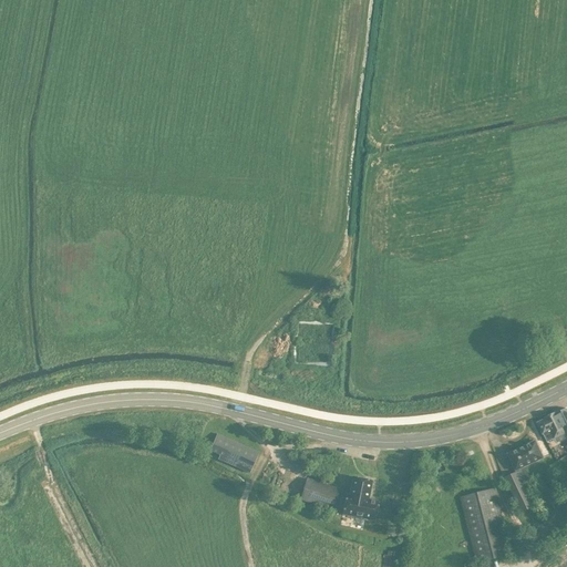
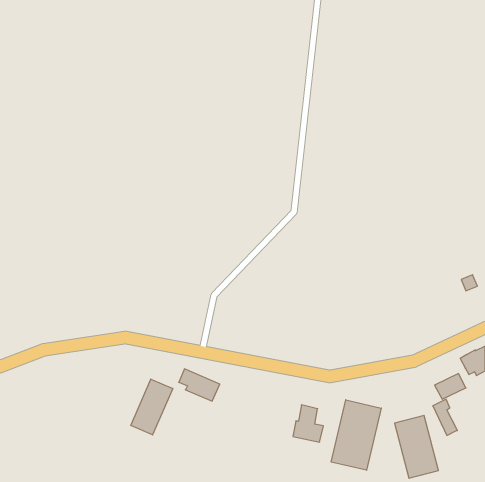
building: none -> [131,379,173,435]
building: none -> [331,400,381,470]
building: [299,478,337,509] -> none

